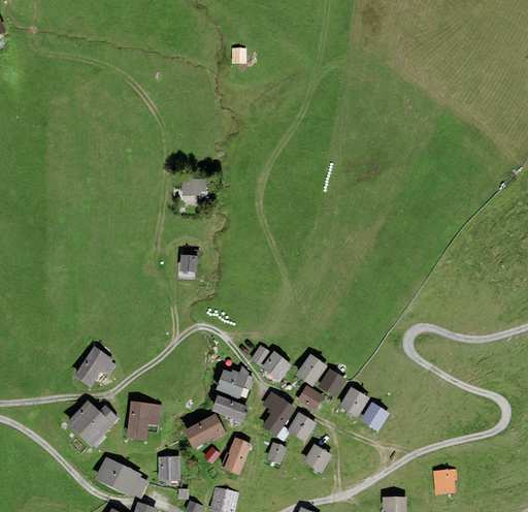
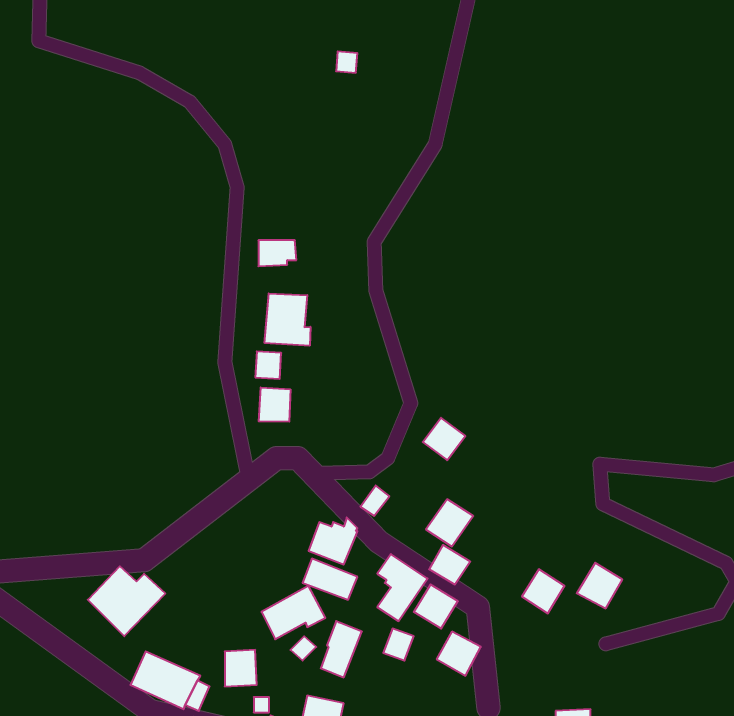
building: none -> [265,293,310,346]
building: none -> [259,387,290,422]
building: [74,346,113,387] -> none
building: [262,351,291,380] -> [423,418,465,460]
building: [318,369,346,397] -> none
building: [338,386,369,417] -> [577,563,622,608]
building: [126,401,162,441] -> none
building: [433,468,457,494] -> none

